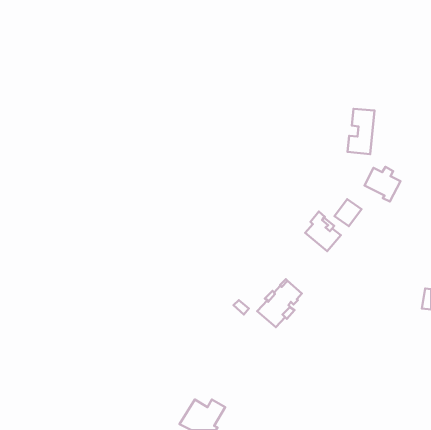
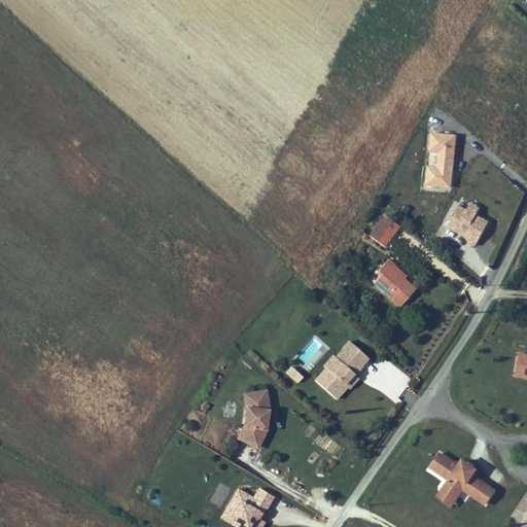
building: [335,199,362,226] -> [367,214,400,247]
building: none -> [236,389,271,450]
building: none -> [428,452,496,507]

